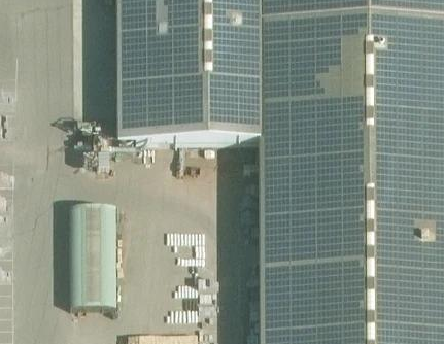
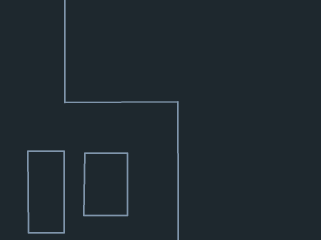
building: none -> [84,153,128,215]

